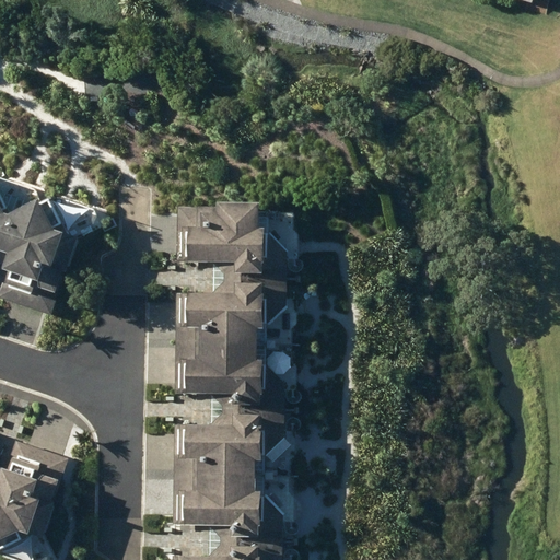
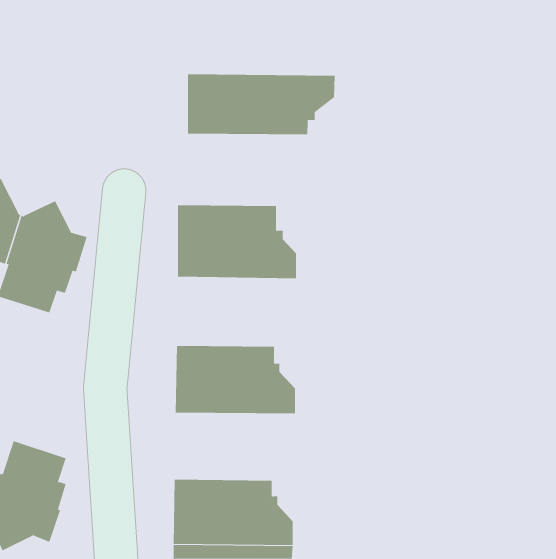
building: none -> [187,73,335,135]
building: [174,273,293,342] -> none
building: [172,408,292,475] -> none

